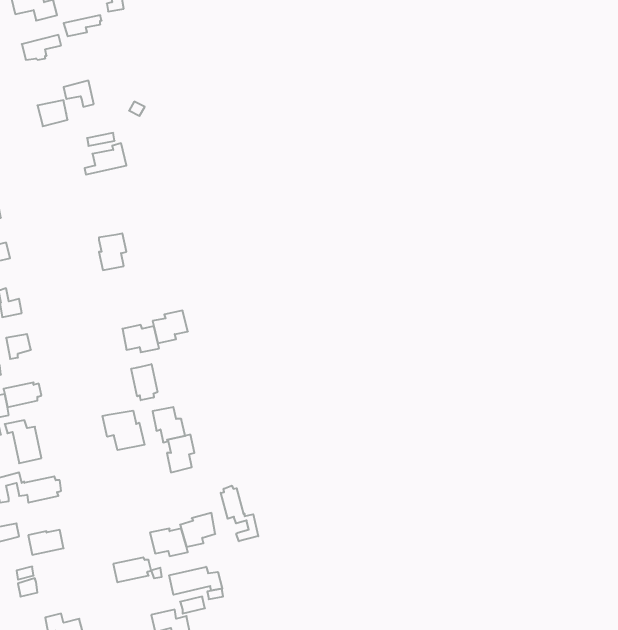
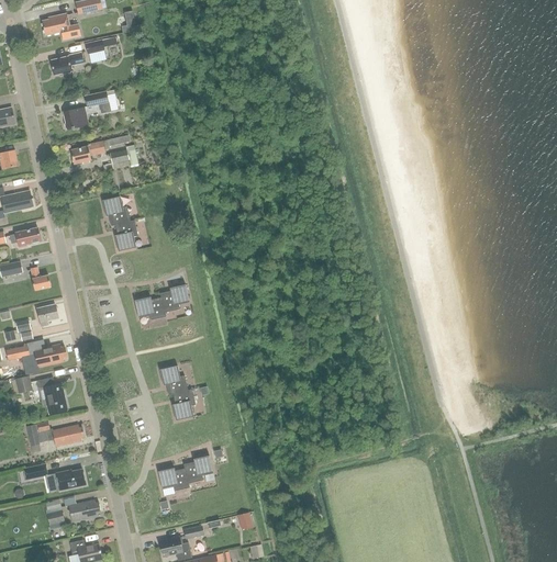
building: none -> [69,139,104,162]
building: none -> [101,195,129,225]
building: [131,364,157,400] -> none
building: [102,411,145,450] -> none
building: [221,486,258,541] -> none
building: [113,557,151,582] -> [68,499,100,520]
building: [169,567,222,595] -> none

